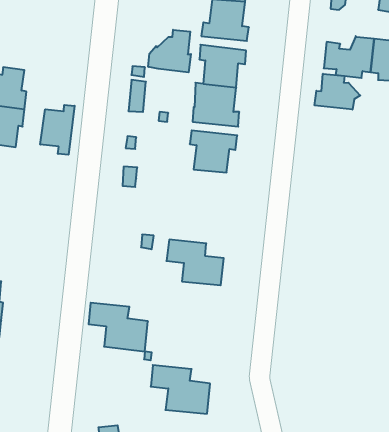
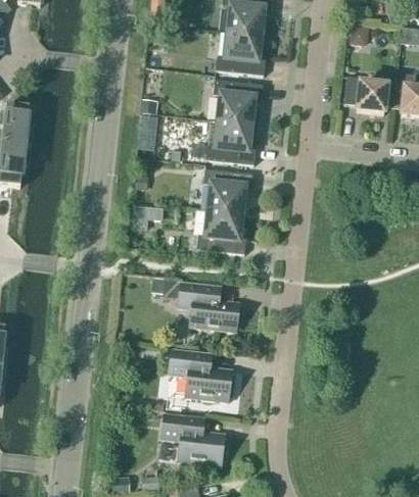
building: [148,30,191,72] -> none
building: [315,74,360,110] -> none
building: [40,105,75,155] -> none
building: none -> [195,210,246,254]
building: [89,303,148,351] -> [170,351,232,402]

